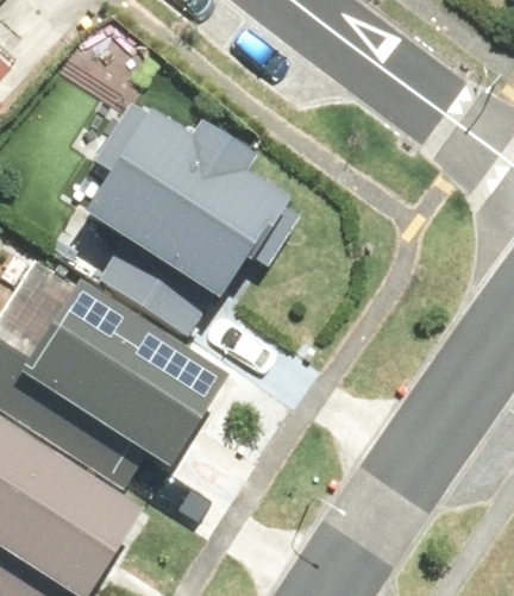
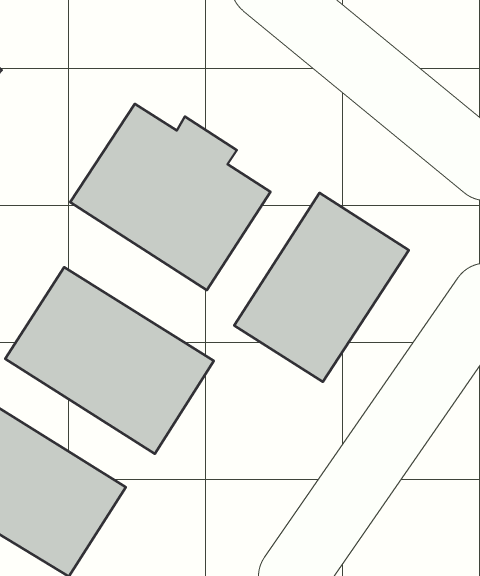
building: none -> [234,193,409,382]

